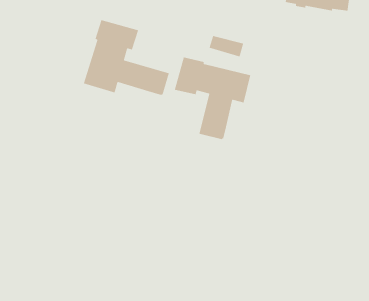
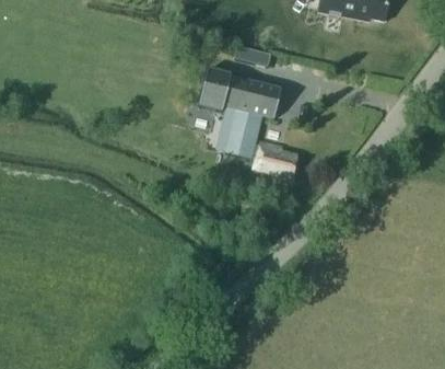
building: [83,19,170,96] -> none
building: none -> [251,142,297,177]

